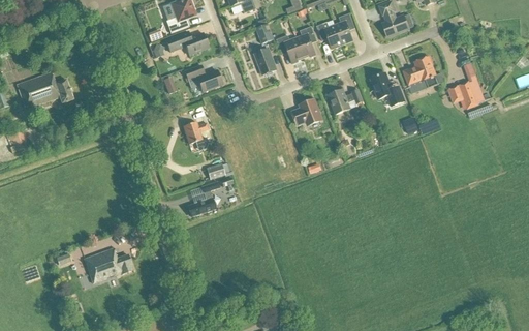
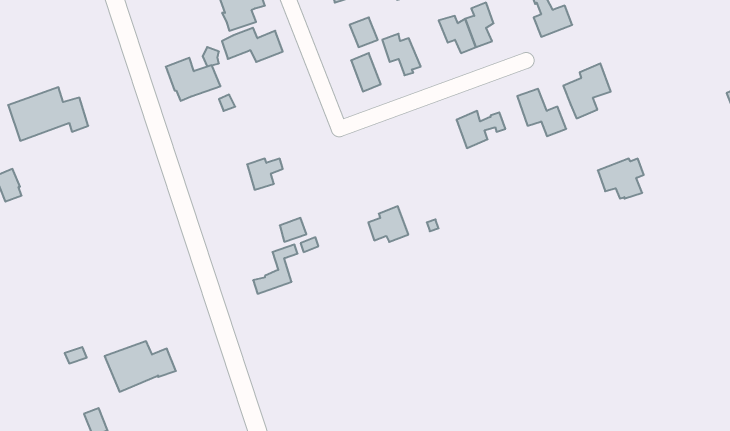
building: [295,26,317,57] -> none
building: [184,64,222,94] -> [166,58,221,101]
building: [447,81,479,109] -> [598,159,644,199]
building: [293,99,321,124] -> [368,206,408,242]

